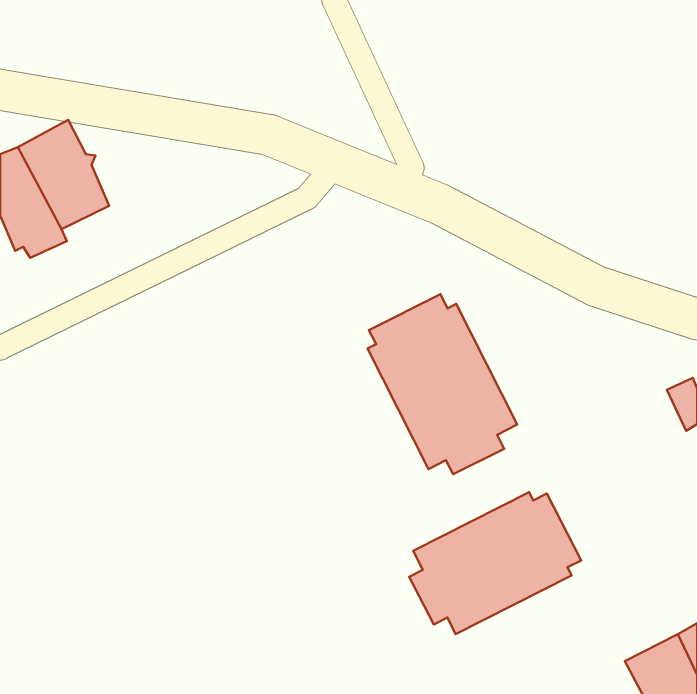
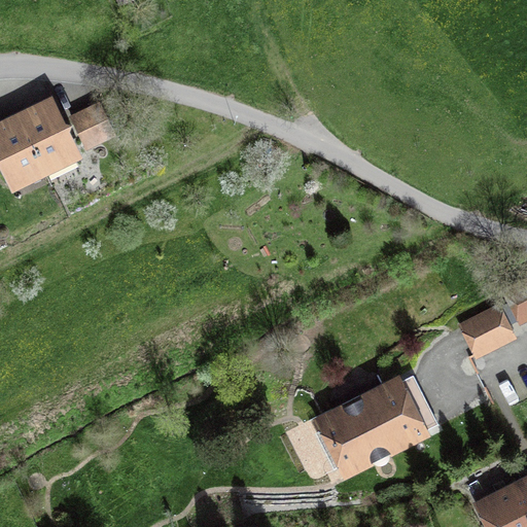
building: none -> [75,106,117,149]
building: [368,294,517,474] -> none
building: none -> [457,304,518,360]

